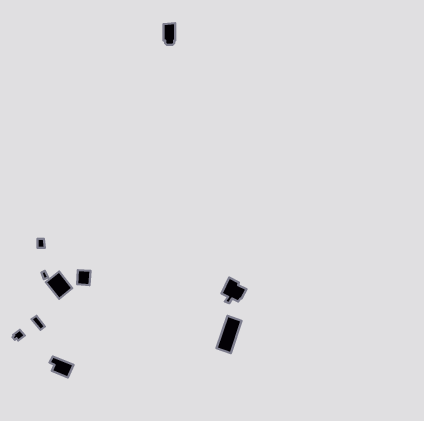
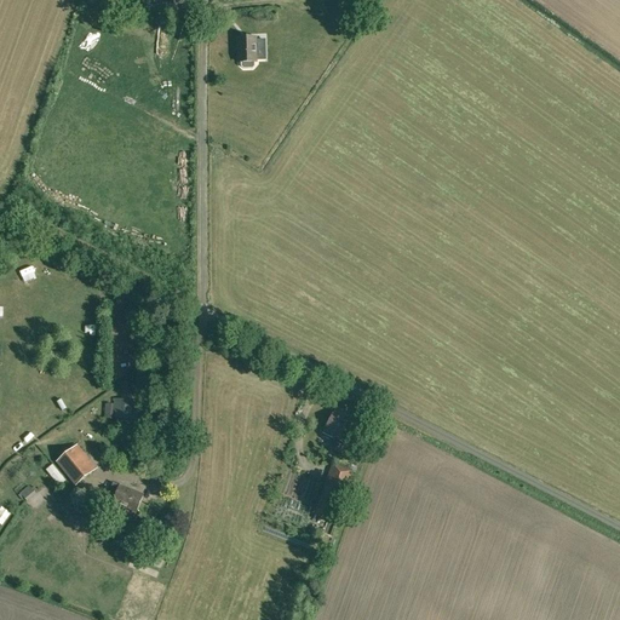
building: [46,271,72,299] -> [57,442,96,482]
building: [49,357,73,377] -> [109,480,144,510]

